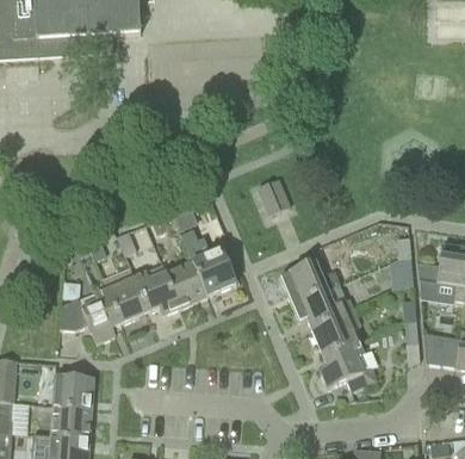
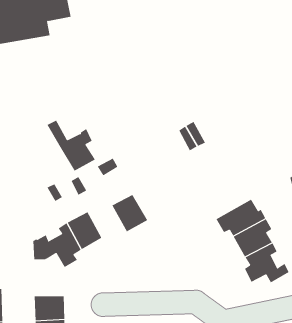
building: [180,229,236,296] -> [47,120,96,172]
building: [279,261,339,304] -> none
building: [134,265,179,316] -> none

